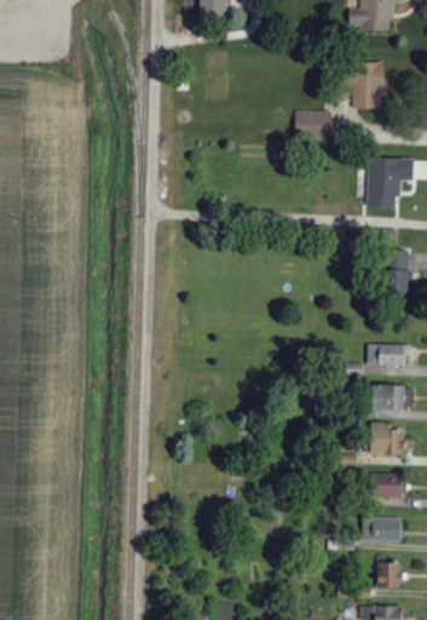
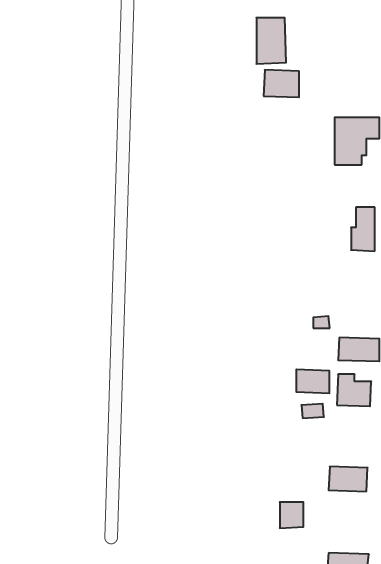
building: [353,64,383,111] -> [256,18,286,64]
building: [368,344,409,367] -> none
building: [373,473,406,498] -> [296,369,329,393]
building: [377,562,402,589] -> [280,502,303,528]

